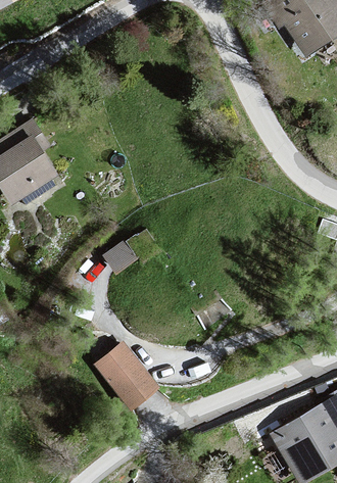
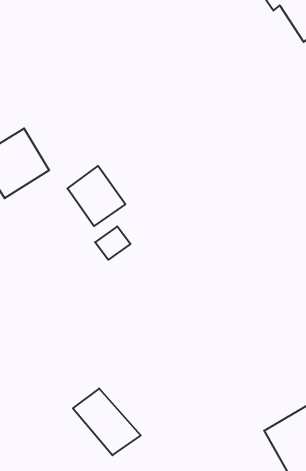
building: none -> [67,166,125,226]
building: [93,344,159,409] -> [73,388,141,455]

